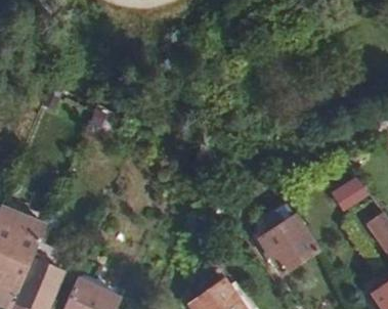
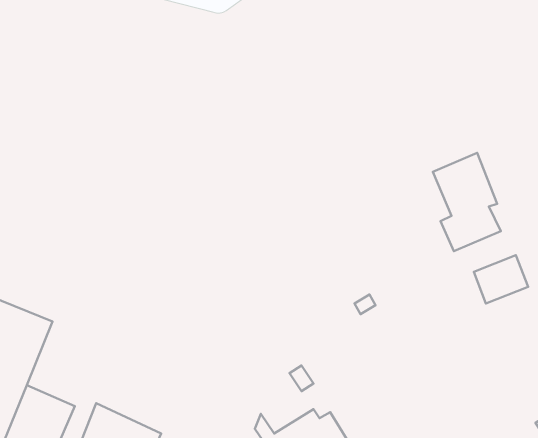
building: none -> [433,153,501,251]
building: [260,215,316,271] -> none

